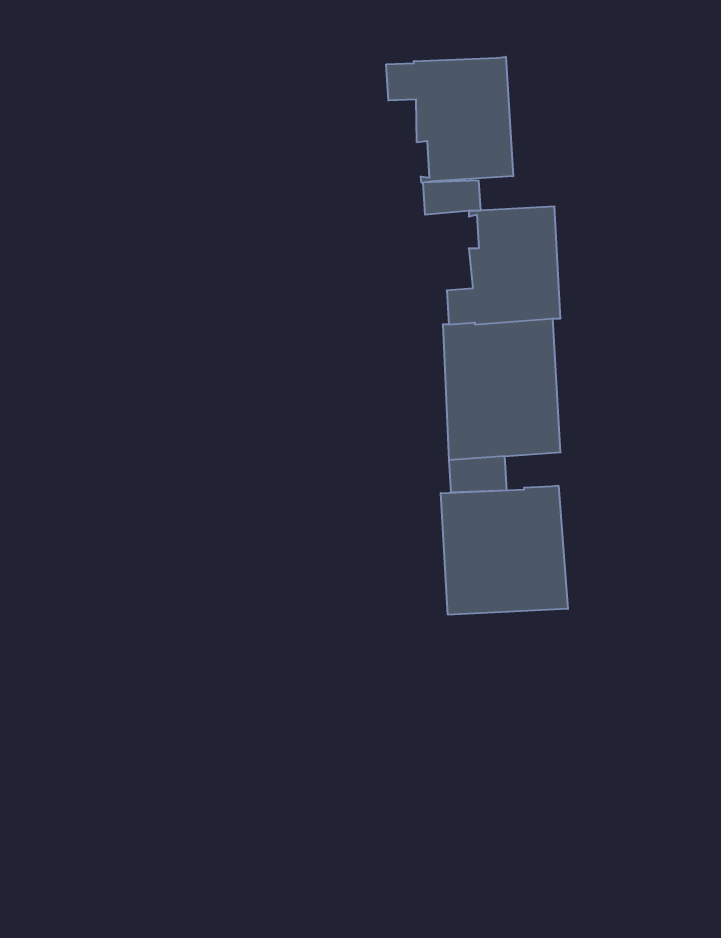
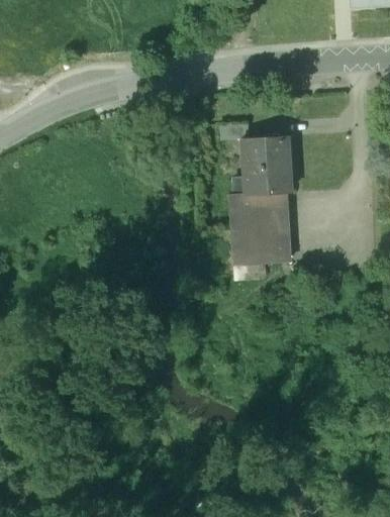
building: [386,57,513,183] -> none
building: [441,486,568,615] -> none

